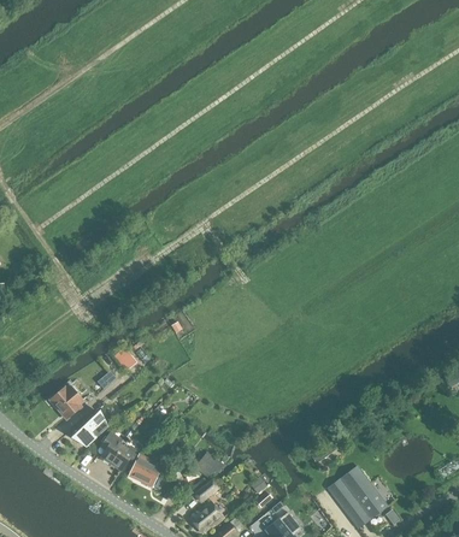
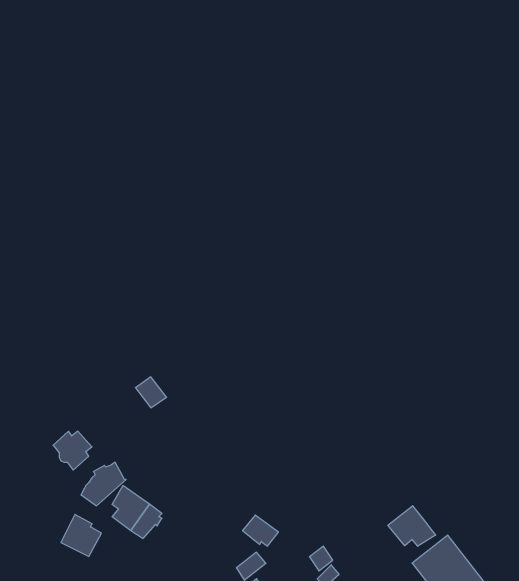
building: none -> [388,506,436,546]
building: [129,455,160,488] -> [61,514,101,556]

